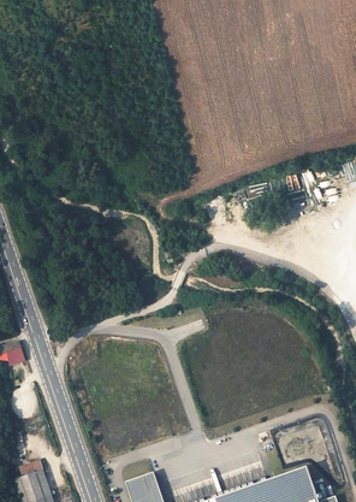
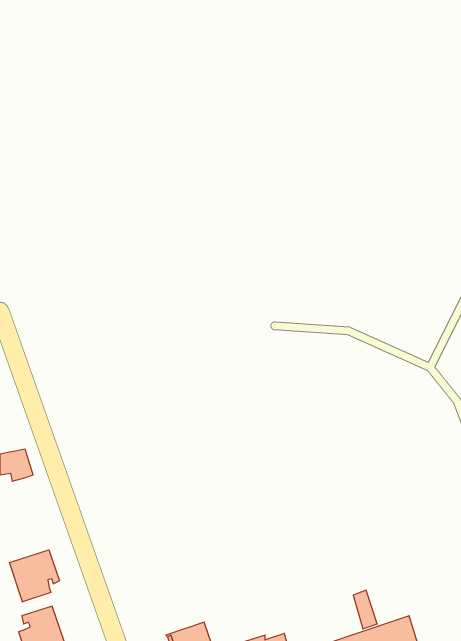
building: none -> [9,550,60,602]

